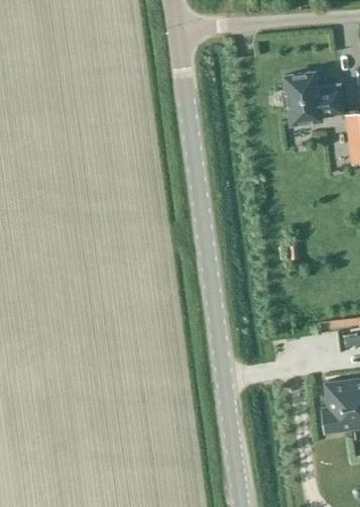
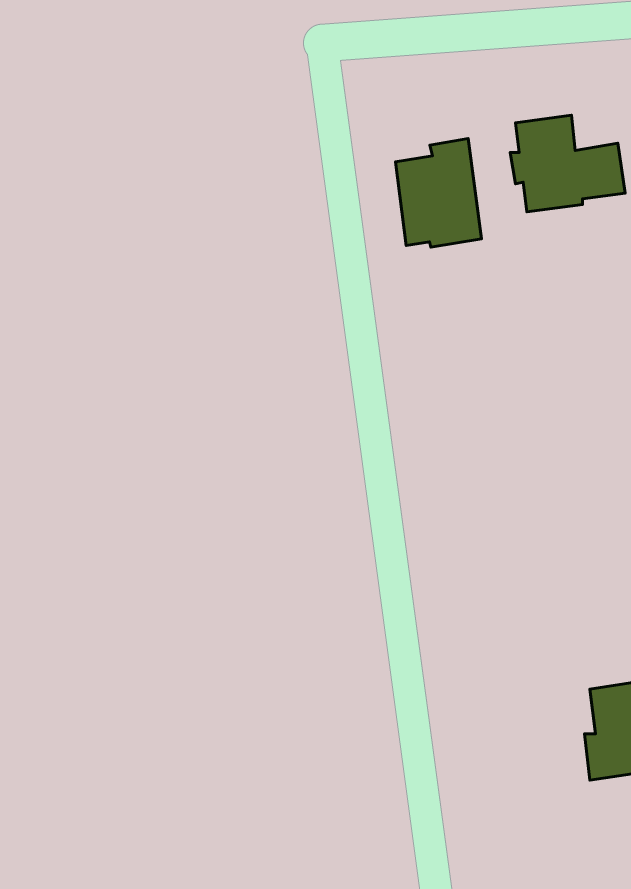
building: none -> [395,139,482,247]

